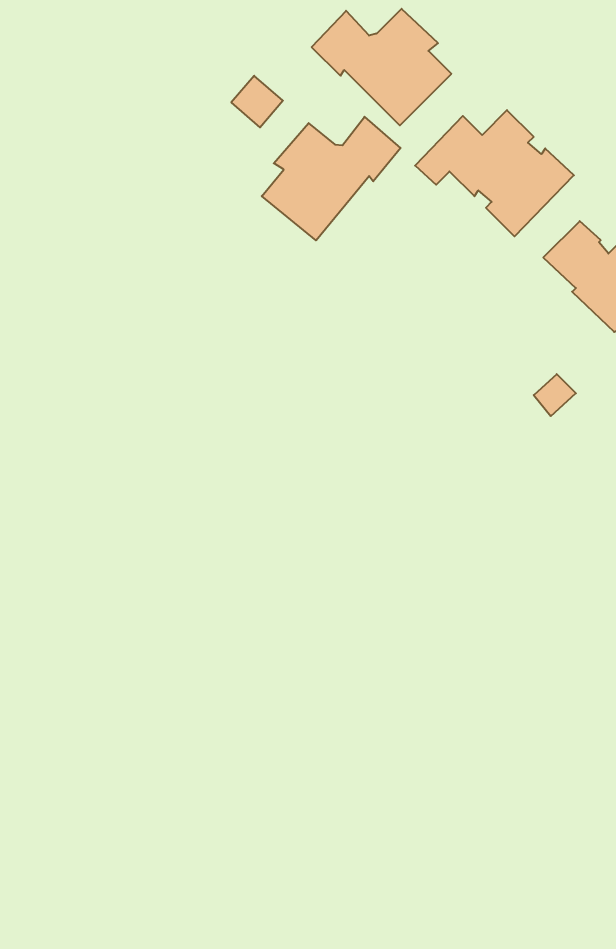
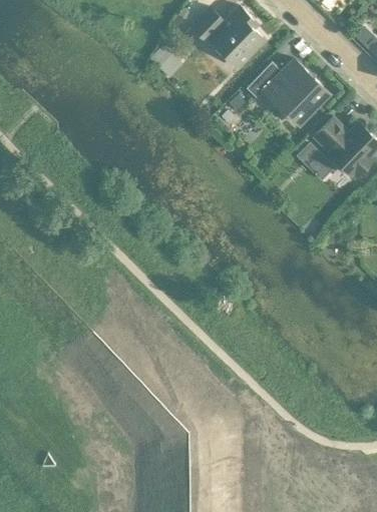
building: [262,117,401,240] -> none
building: none -> [296,141,335,179]

